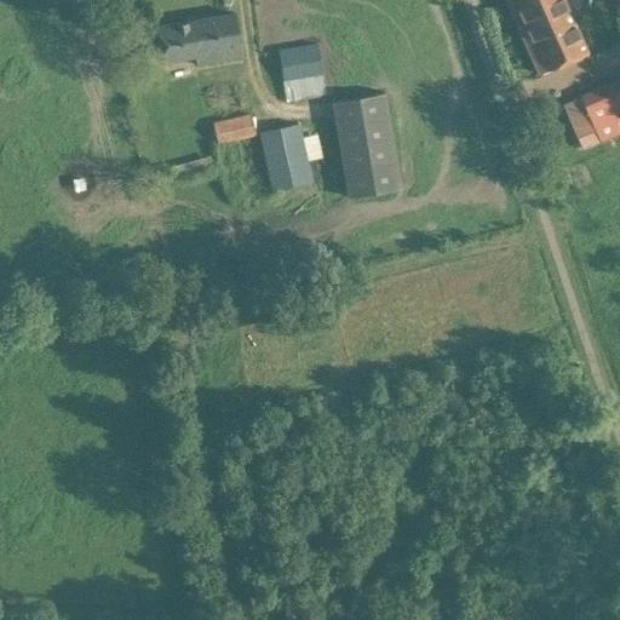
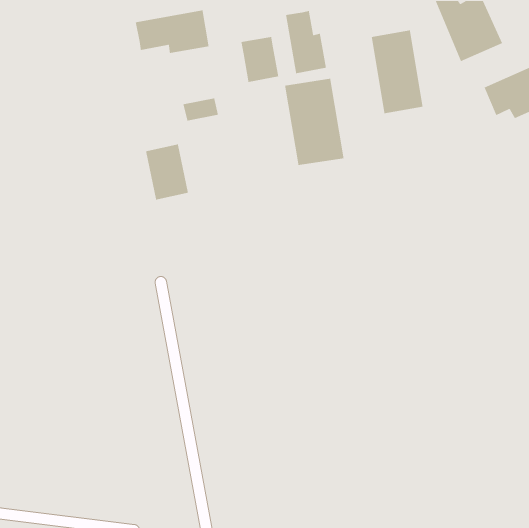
building: none -> [285,10,327,74]
building: none -> [371,29,423,114]
building: [259,126,310,193] -> [145,144,189,201]

